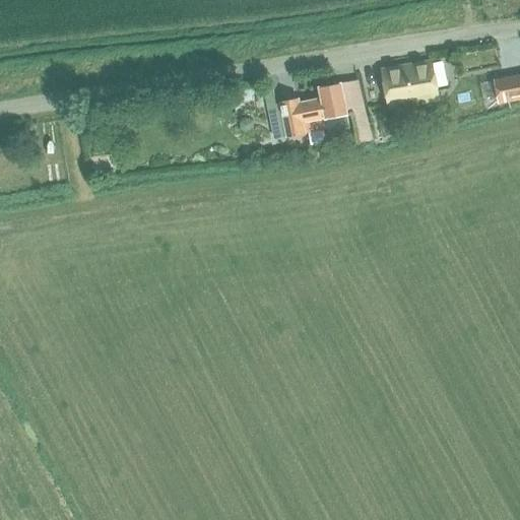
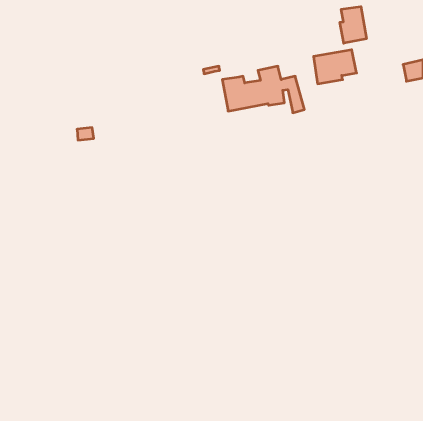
building: none -> [340,7,366,43]

